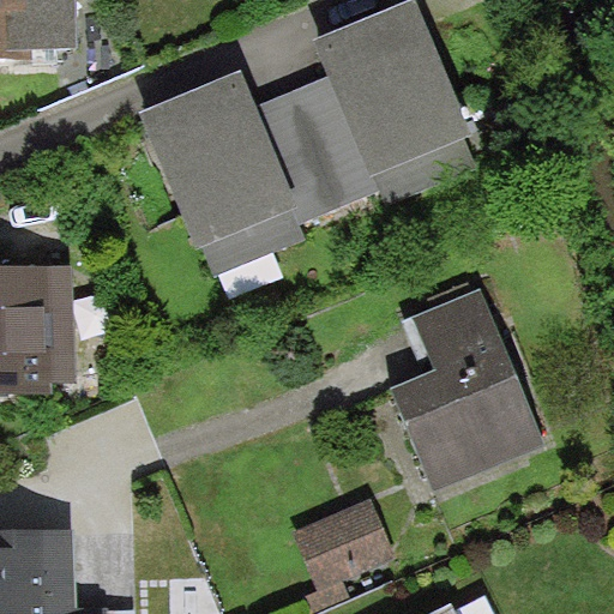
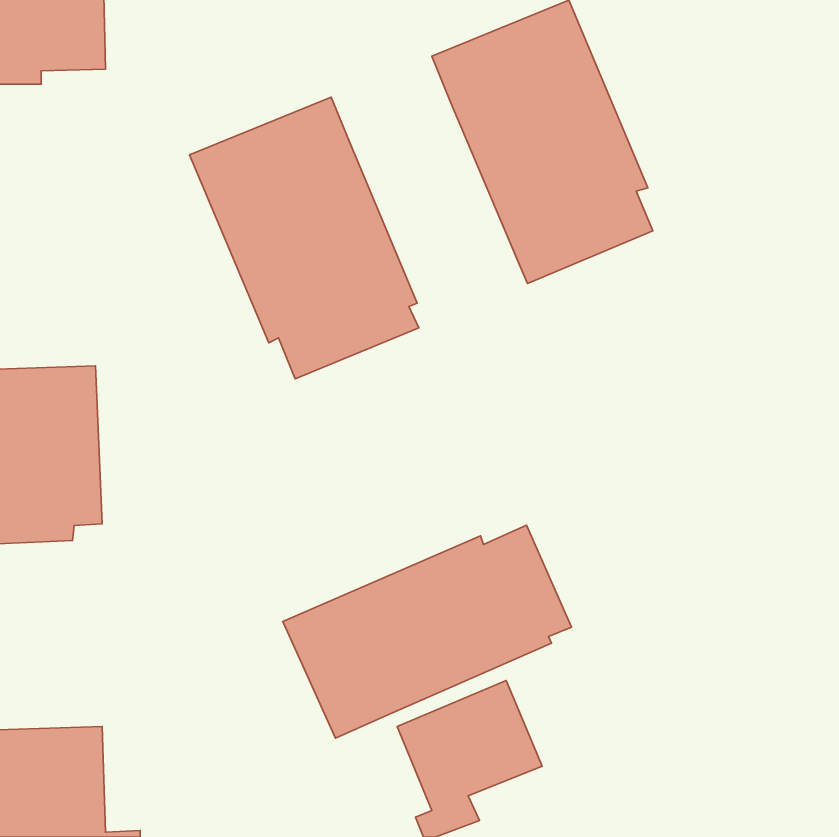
building: [254,73,377,221] -> none
building: [389,287,546,490] -> none
building: none -> [283,525,571,738]

